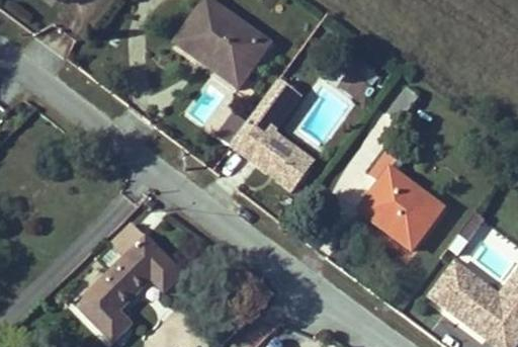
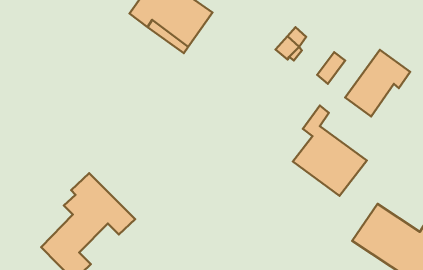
building: [214,74,320,193] -> none
building: none -> [345,50,410,117]

